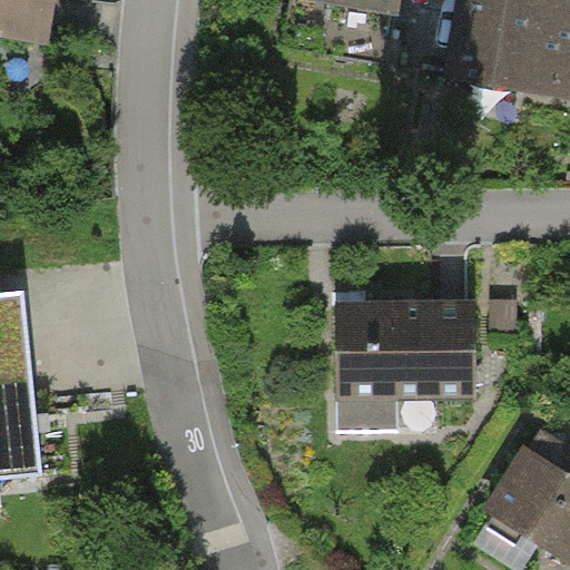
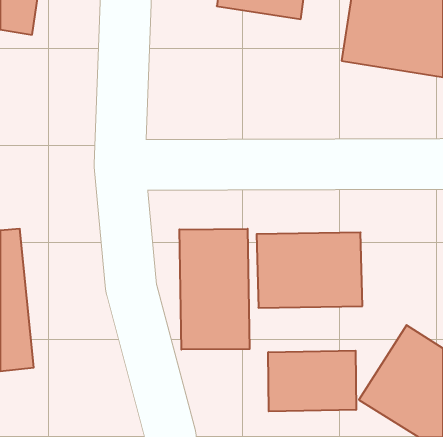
building: none -> [179,229,250,350]
building: none -> [268,351,356,411]

